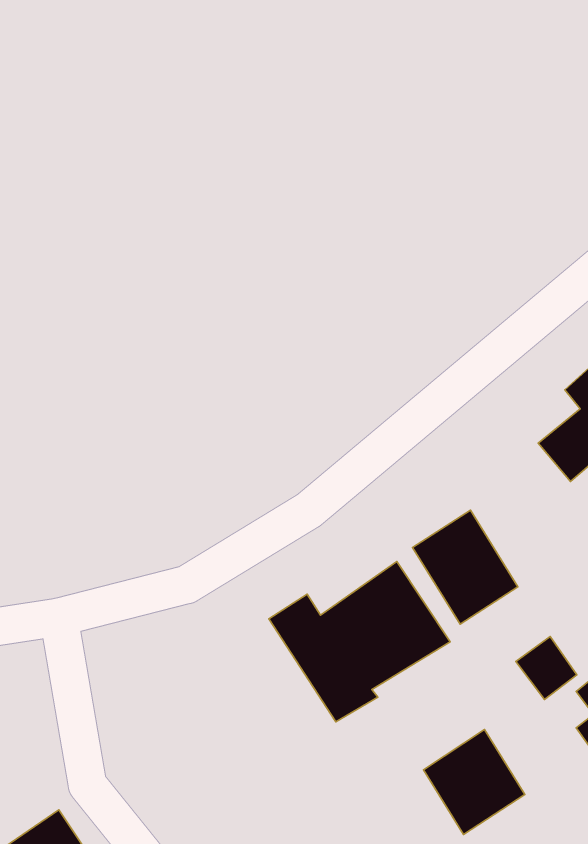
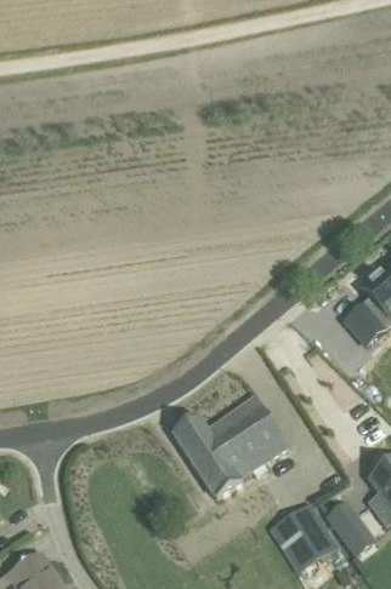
building: [413,510,518,624] -> none
building: [516,637,577,700] -> [325,501,364,541]

